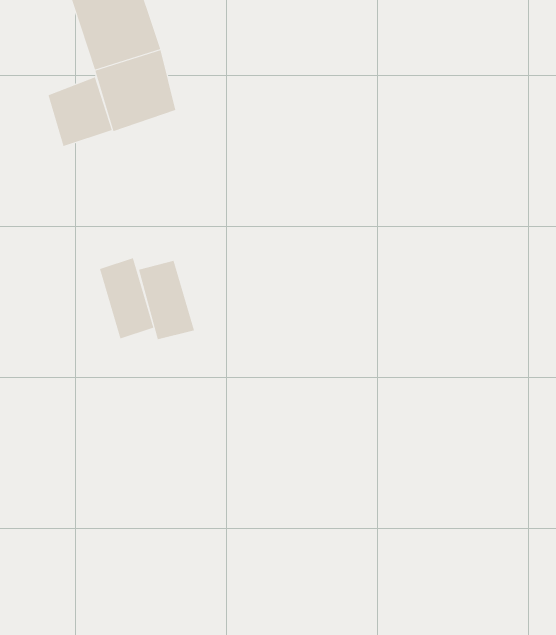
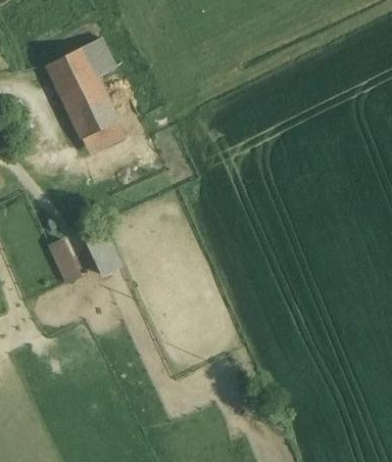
building: [48,76,112,147] -> none
building: [138,260,195,340] -> [46,234,84,282]

